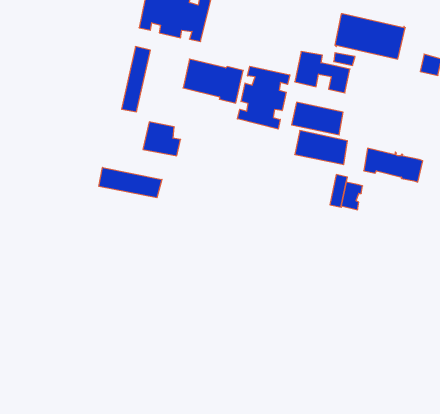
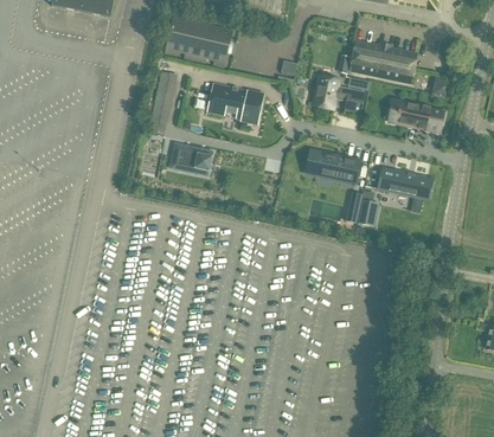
building: [237,66,290,129] -> none
building: [292,102,343,135] -> [394,99,443,130]
building: [99,167,162,198] -> none

